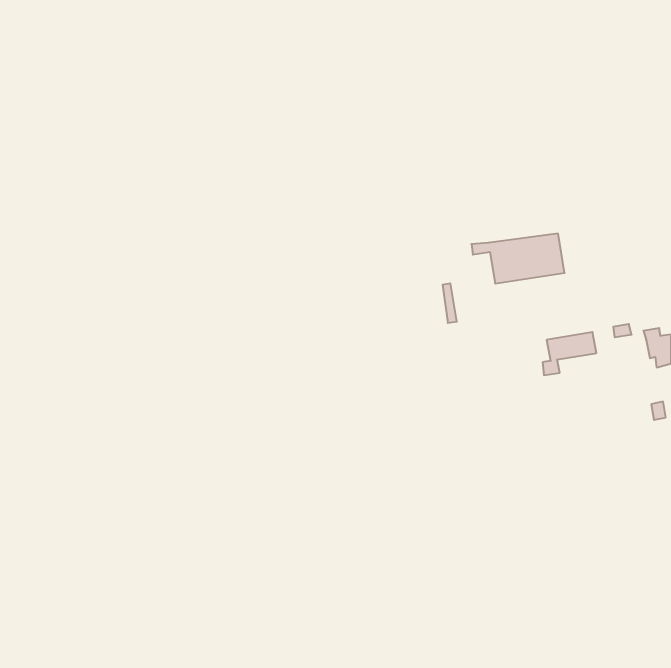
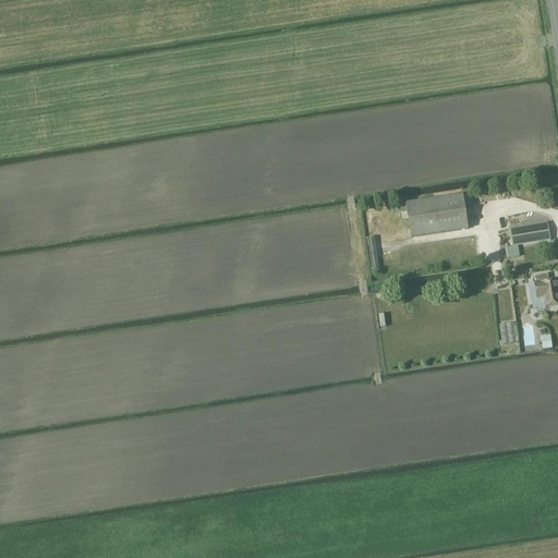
building: [543,332,596,375] -> [506,221,550,257]

